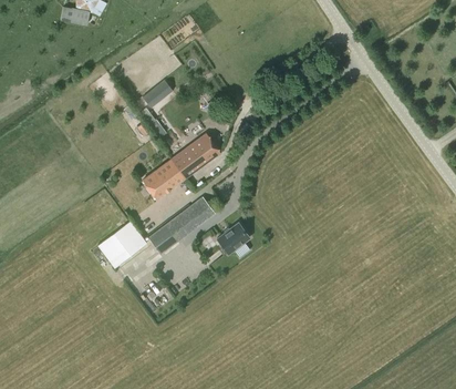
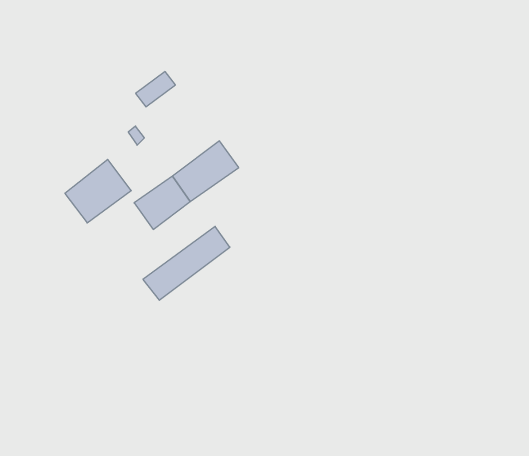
building: [97,219,147,267] -> [65,159,131,223]
building: [217,223,249,254] -> none

